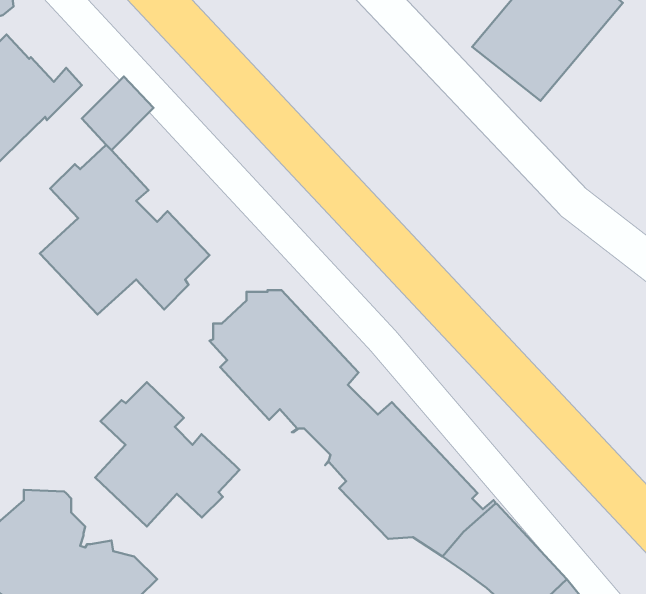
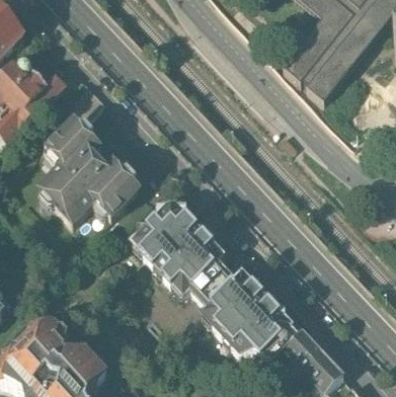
building: [95,382,240,527] -> none

